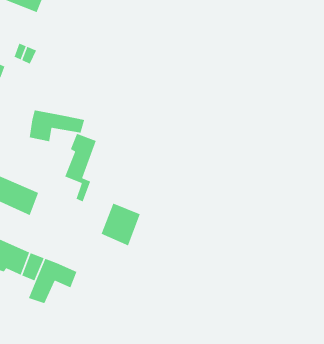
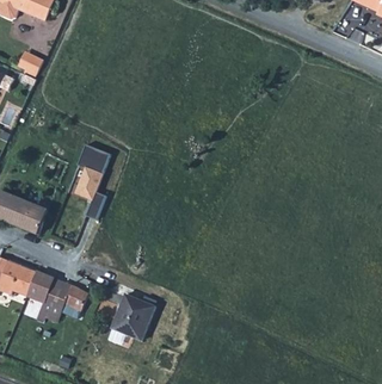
building: [29,109,85,142] -> none
building: [100,203,141,247] -> [112,295,155,341]

